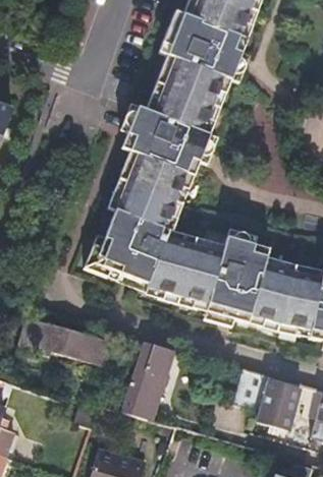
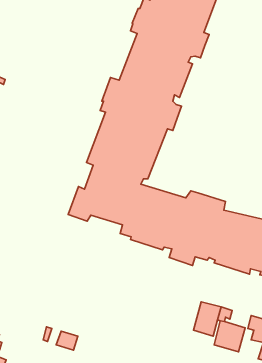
building: [18,314,110,363] -> none
building: [120,339,168,417] -> none

